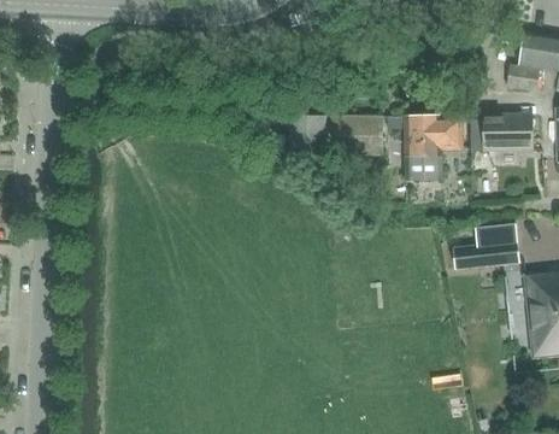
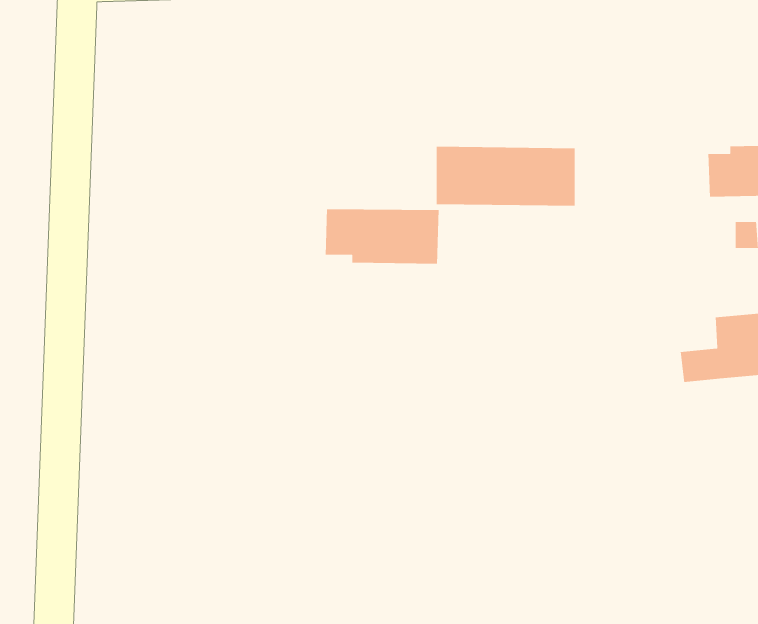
building: [406,116,463,178] -> none
building: none -> [325,209,439,264]

